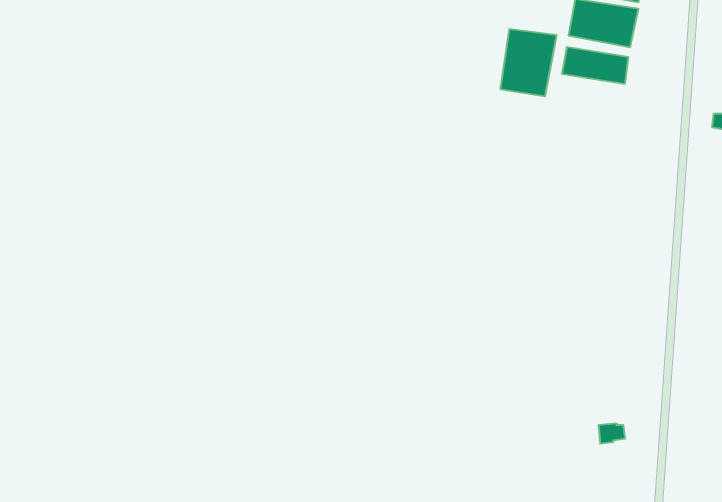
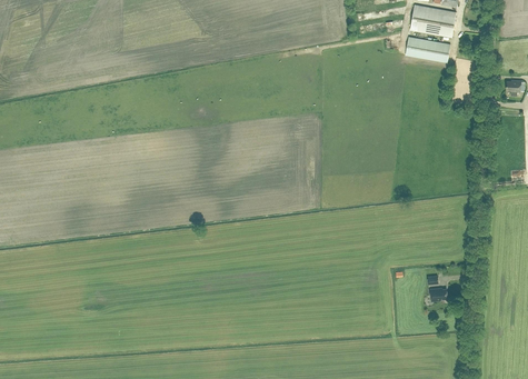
building: [501,29,556,96] -> none

